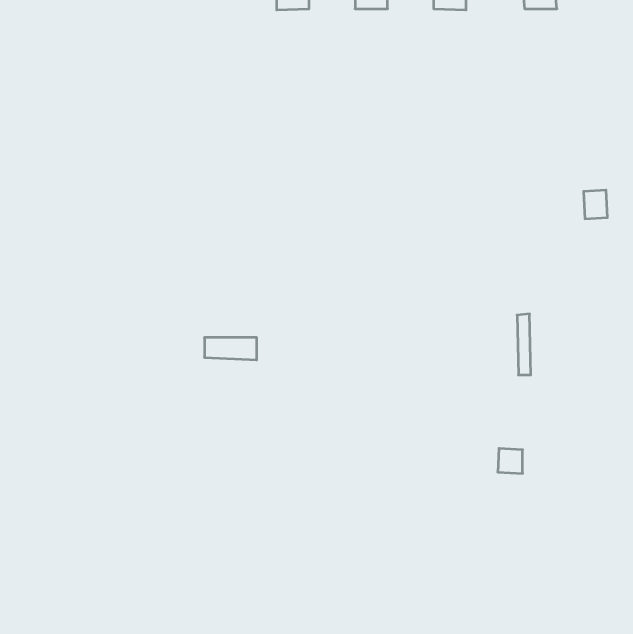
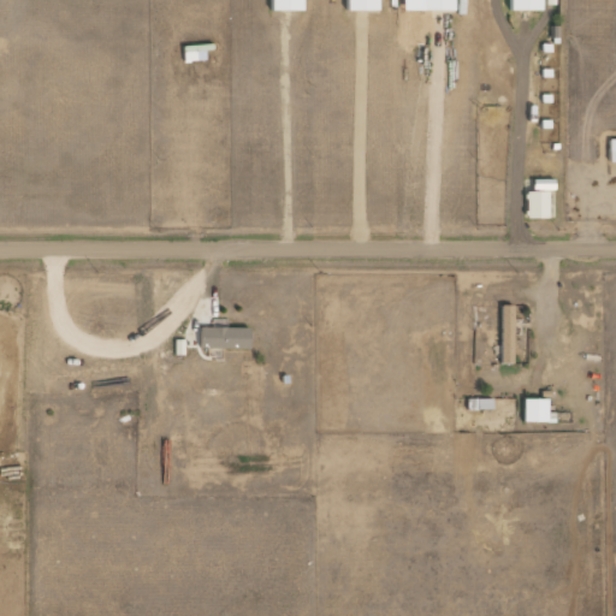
building: [584,190,607,219] -> [528,189,551,217]
building: [498,448,523,473] -> [525,397,549,421]

